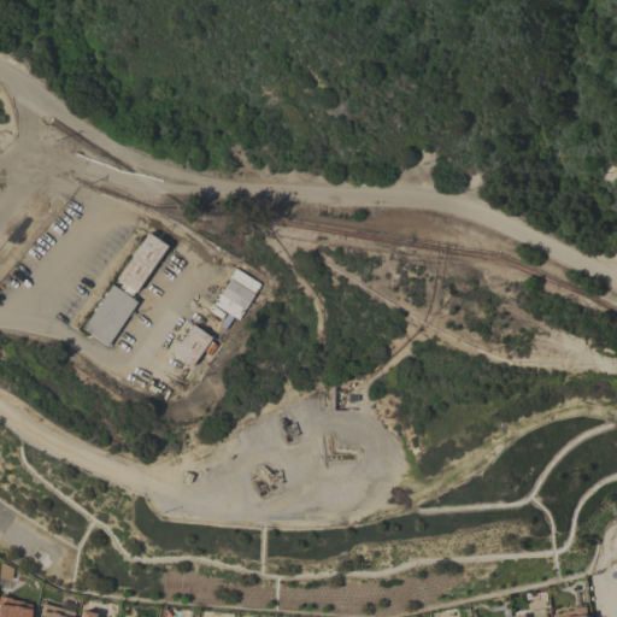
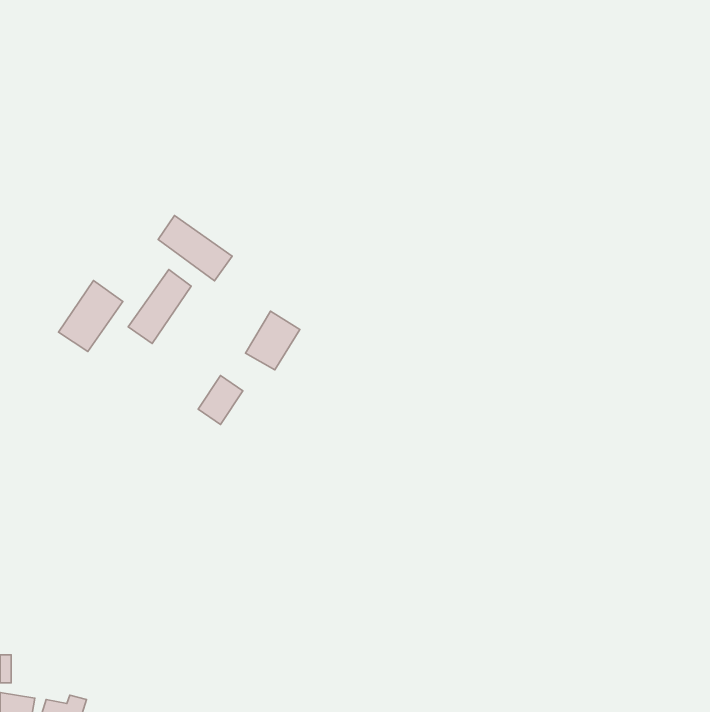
building: none -> [158,215,232,281]
building: [82,286,137,347] -> [59,280,123,352]

